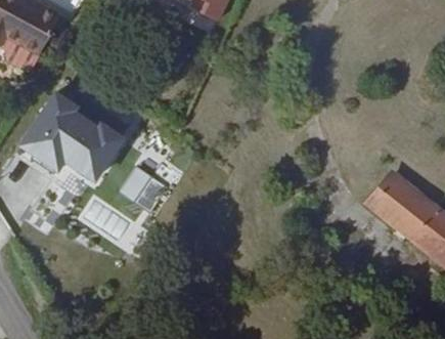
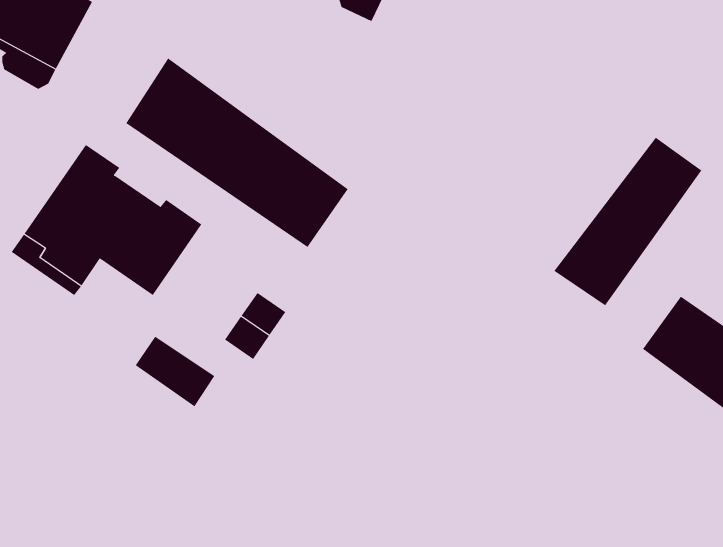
building: none -> [125,57,348,248]
building: none -> [554,137,702,306]

